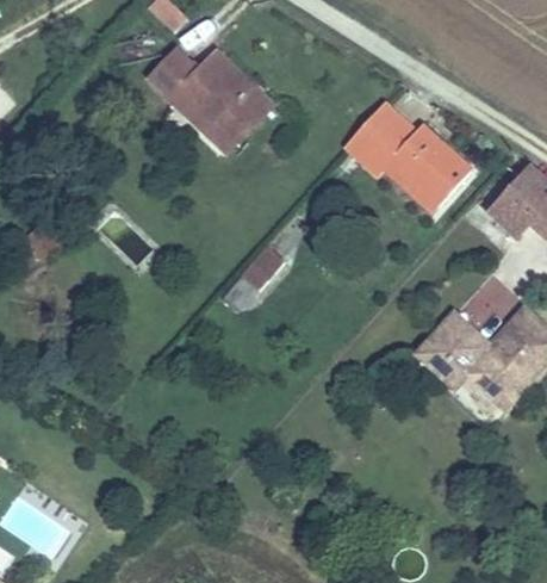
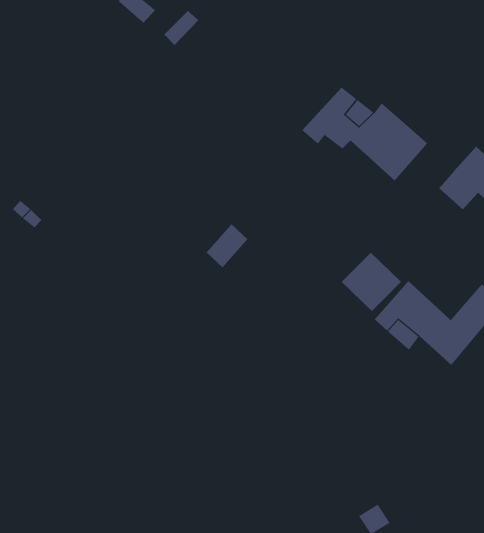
building: [145,54,267,153] -> none
building: [465,274,530,339] -> [341,252,402,312]

